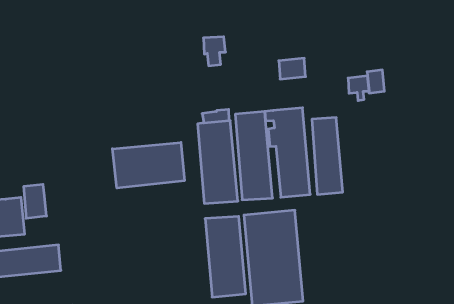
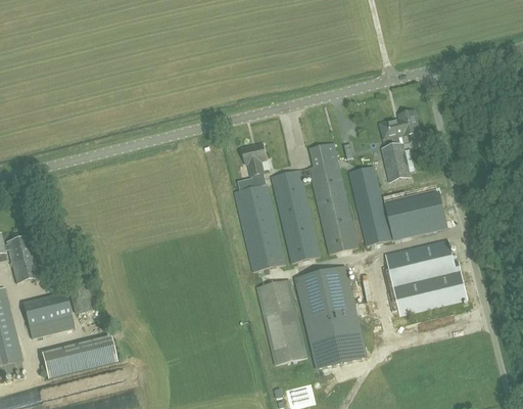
building: [203,37,226,66] -> [242,144,267,176]
building: [279,58,306,79] -> [308,142,338,167]
building: none -> [381,143,411,182]
building: [112,142,184,188] -> none
building: none -> [383,182,455,241]
building: none -> [385,239,467,316]

